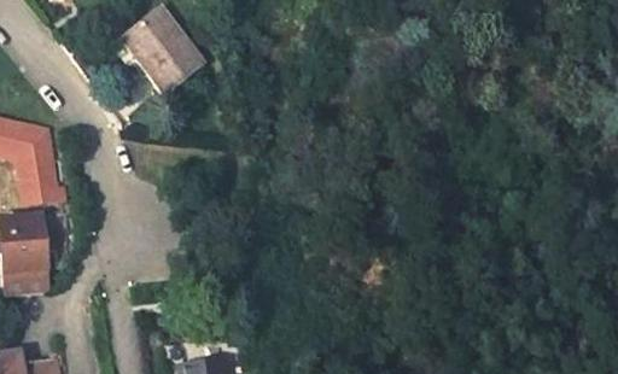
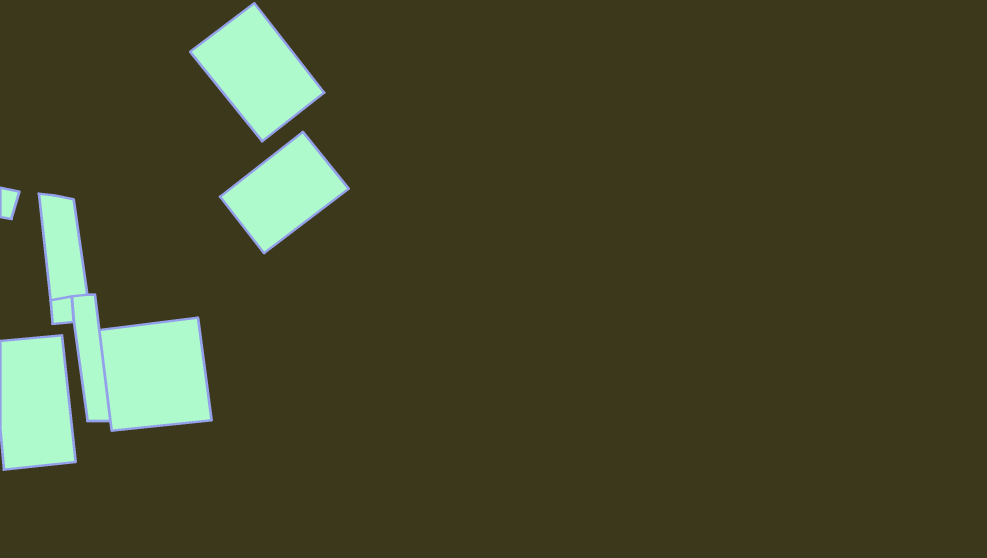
building: none -> [220,132,349,253]
building: none -> [99,318,211,431]

